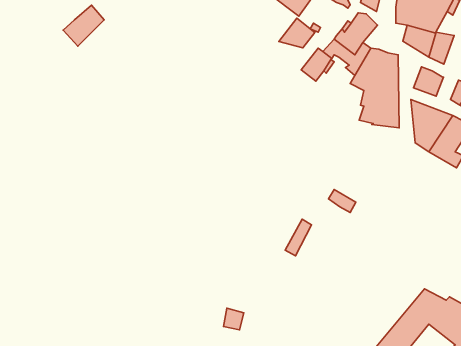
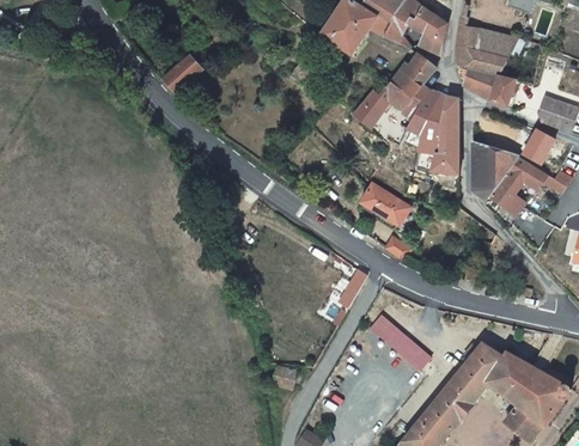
building: [63,5,104,46] -> [158,53,201,96]
building: [279,18,315,48] -> none
building: [413,67,444,96] -> none
building: none -> [358,185,409,230]
building: none -> [367,313,431,372]

